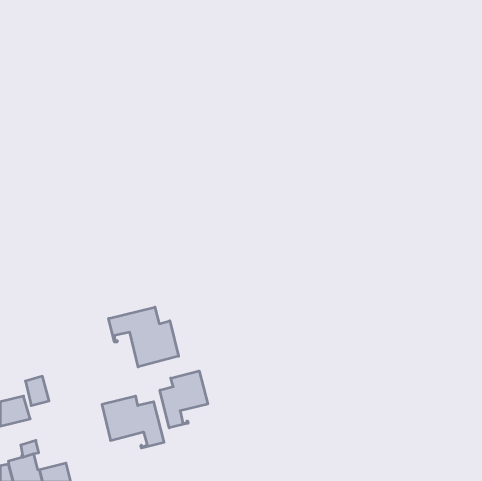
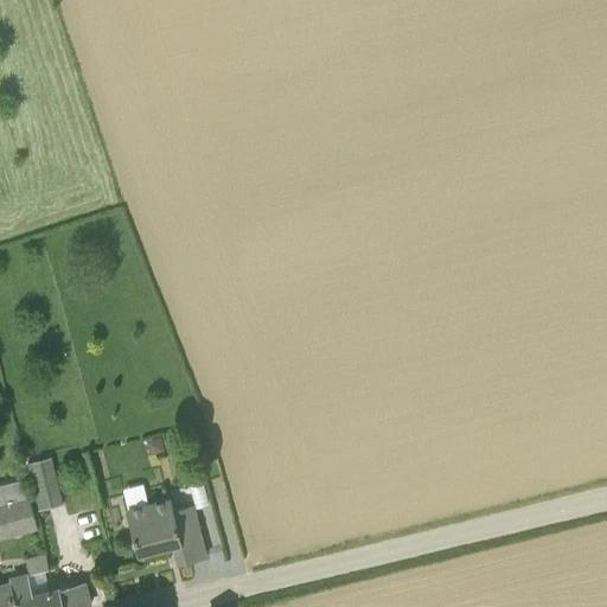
building: [109,307,179,367] -> none
building: [160,371,208,428] -> none

